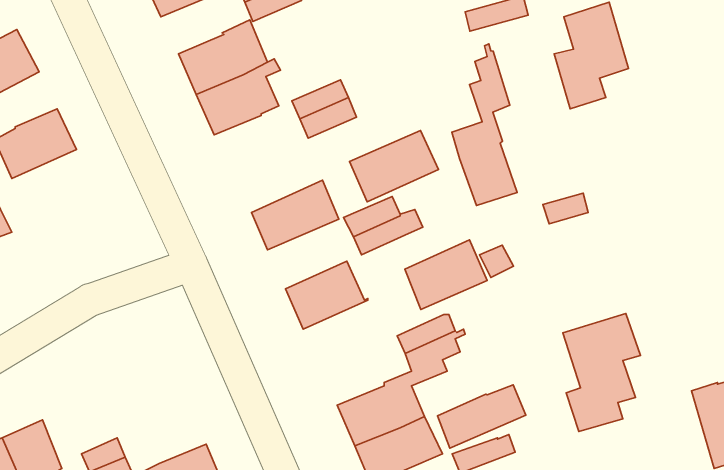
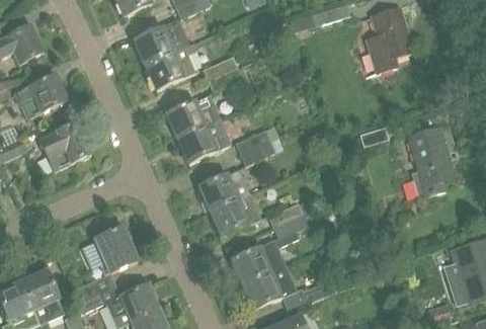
building: [452,44,517,206] -> none
building: [349,131,438,202] -> [166,94,222,139]
building: none -> [39,121,91,170]
building: [405,240,487,310] -> [210,193,261,237]
building: [563,313,640,432] -> [409,125,458,198]
building: none -> [93,225,138,274]
building: [437,385,526,448] -> none

